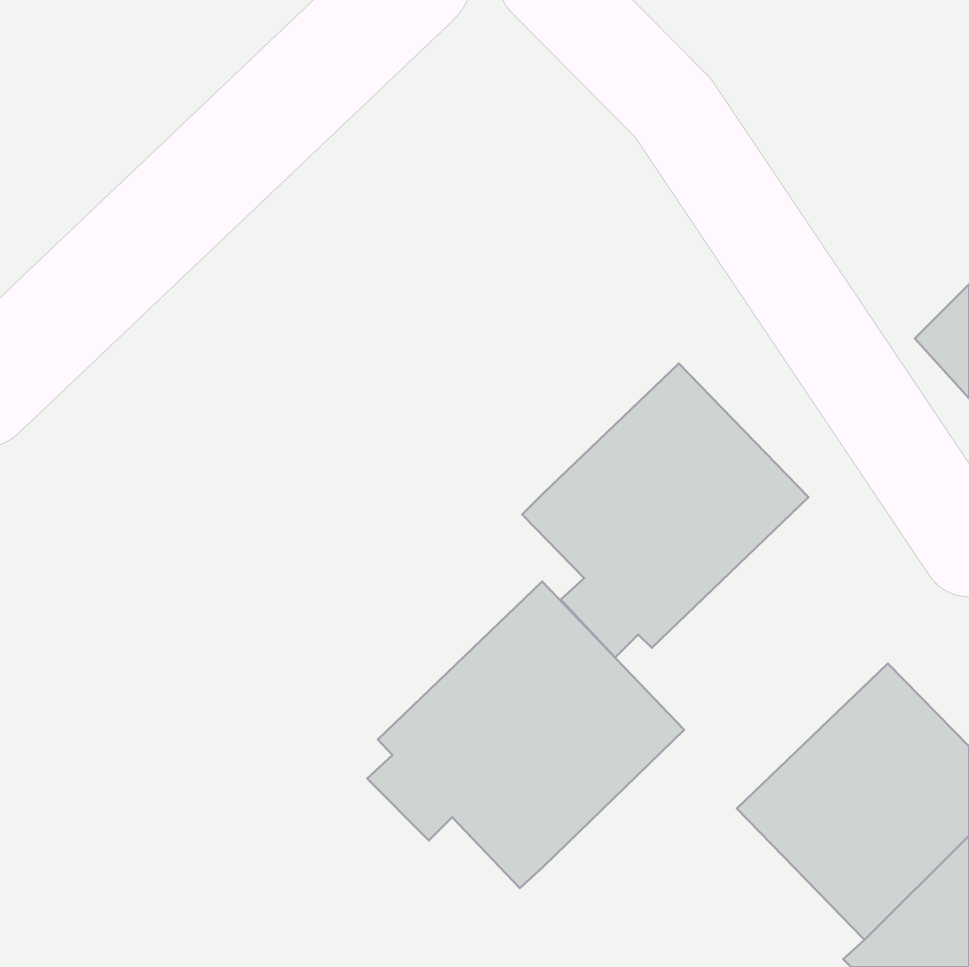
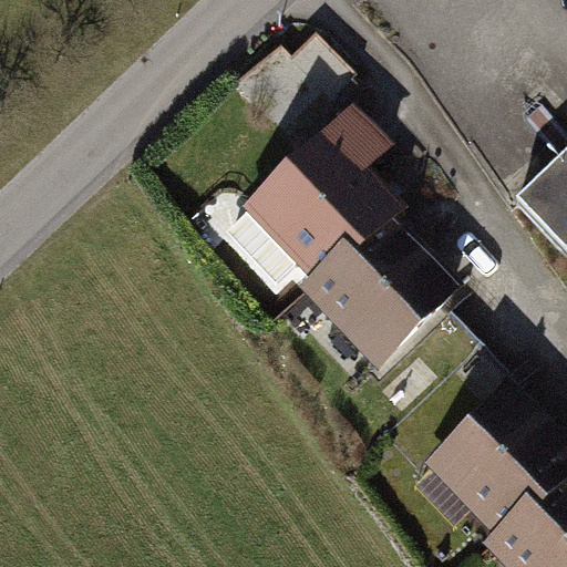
building: none -> [228,102,398,288]
building: [367,581,684,888] -> none

